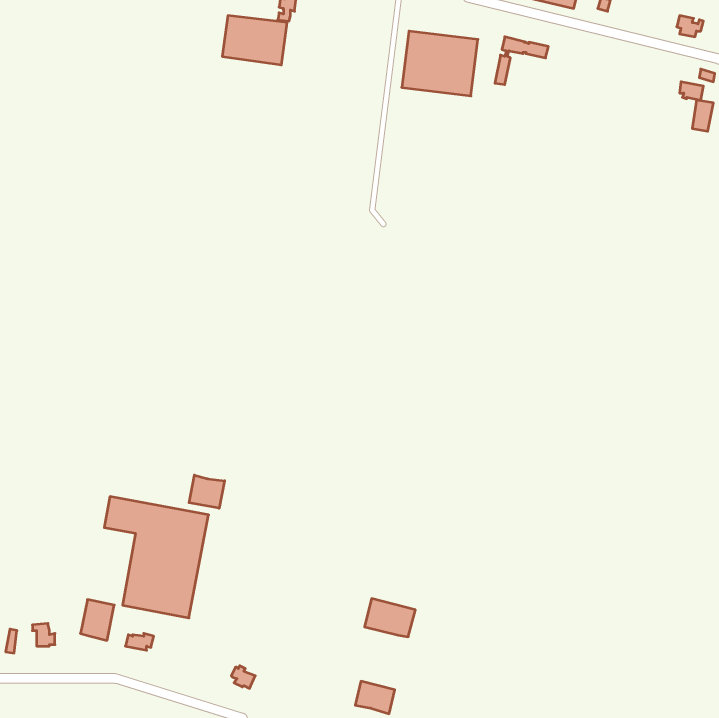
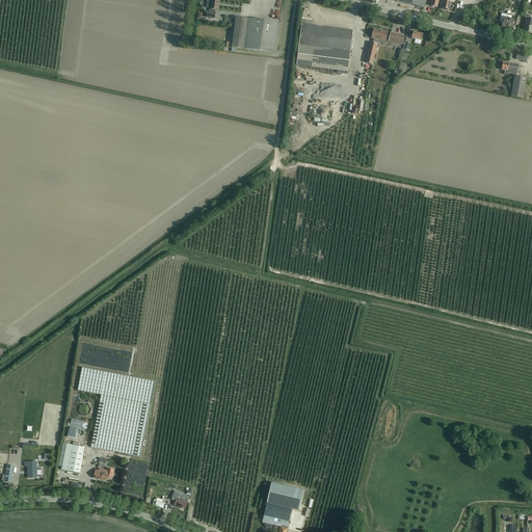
building: [222,16,287,65] -> [231,16,278,52]
building: [189,475,225,508] -> none
building: [365,599,415,637] -> [266,481,303,509]

